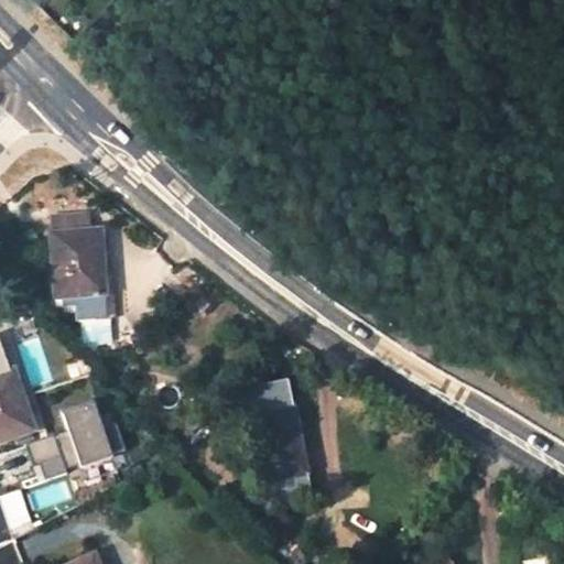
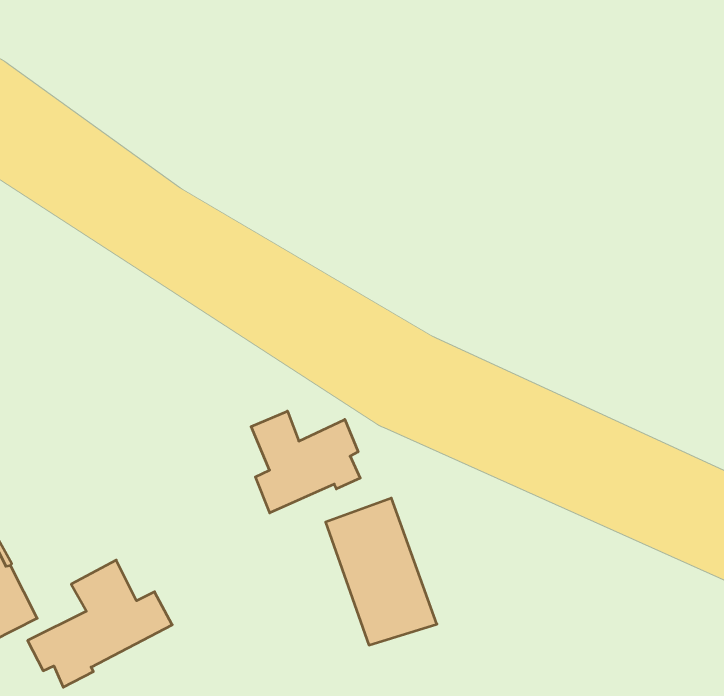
building: [52,213,117,319] -> none
building: none -> [251,411,360,513]

